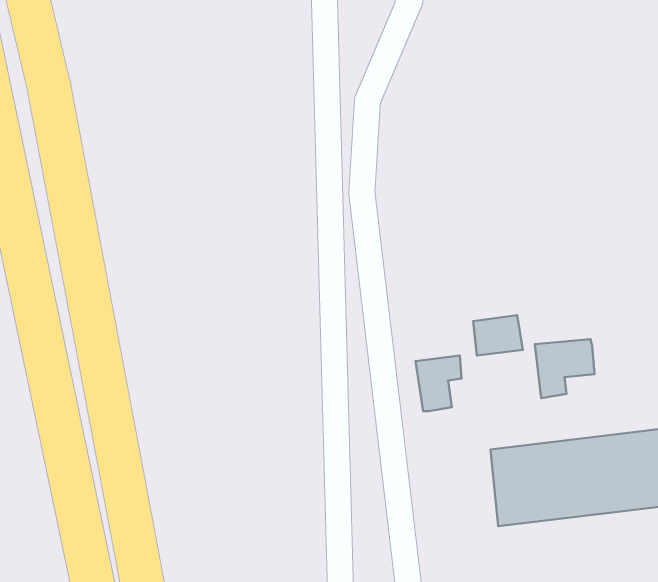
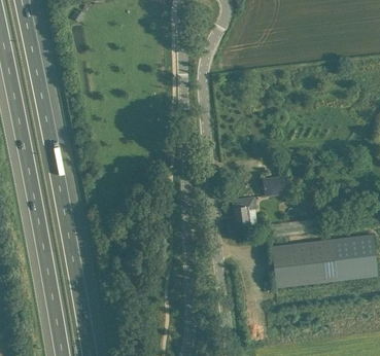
building: [535,339,595,398] -> none

